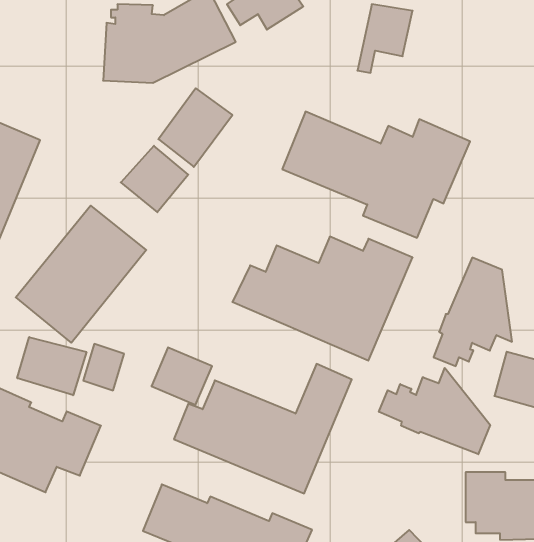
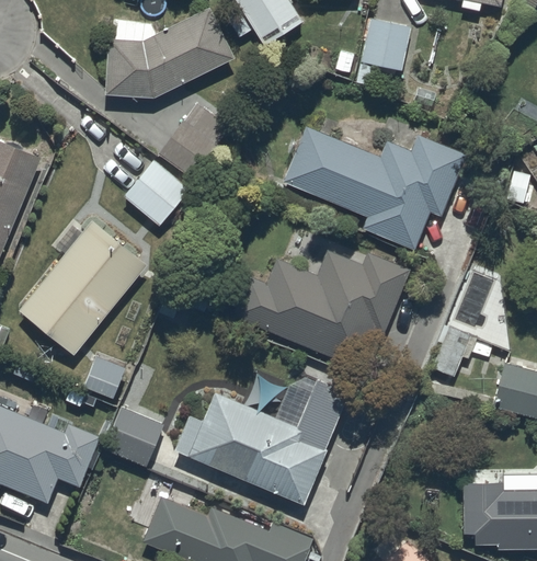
building: [17,337,86,395] -> none
building: [151,347,212,405] -> [104,408,164,465]
building: [379,368,490,454] -> none

